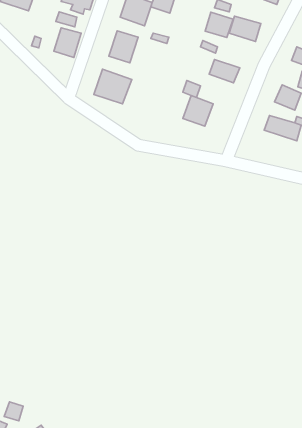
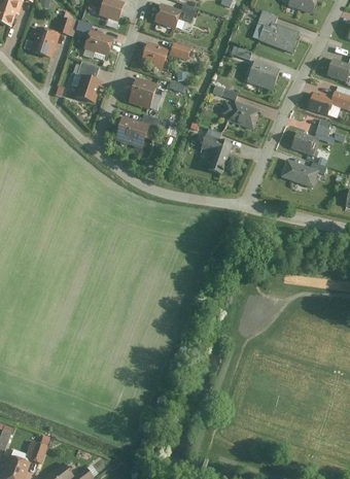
building: [205,12,233,38] -> none

